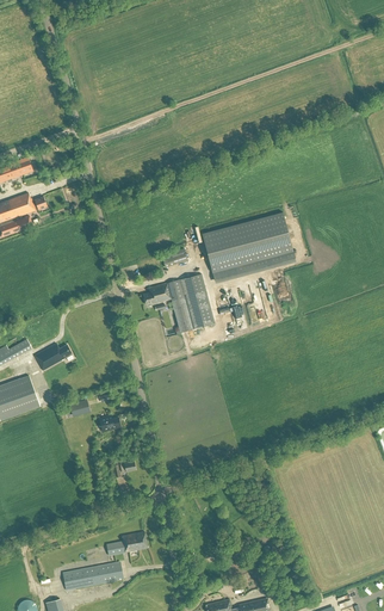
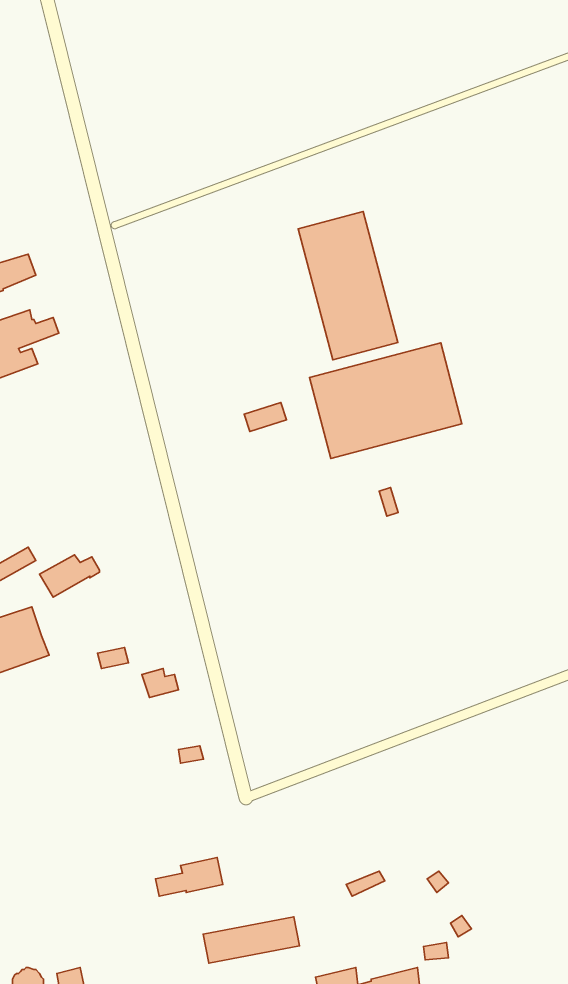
building: none -> [298,211,398,360]
building: [142,274,213,333] -> none
building: [62,561,122,590] -> [203,917,300,963]

